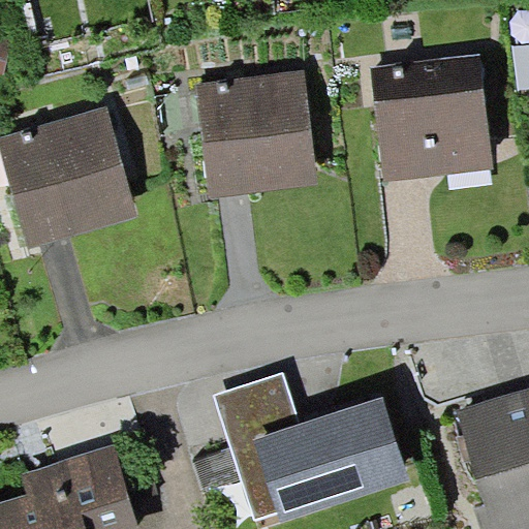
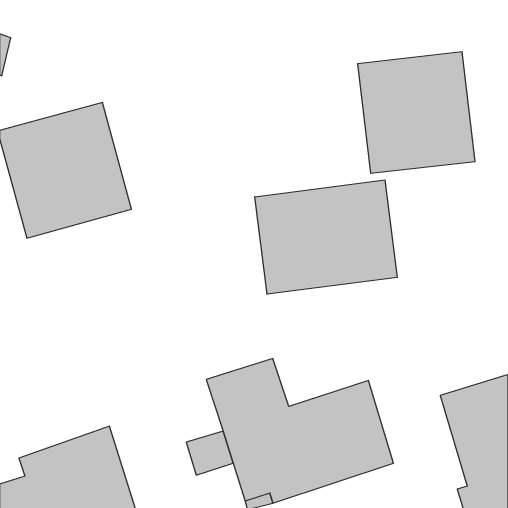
building: [195,70,318,198] -> none
building: none -> [255,180,397,294]

